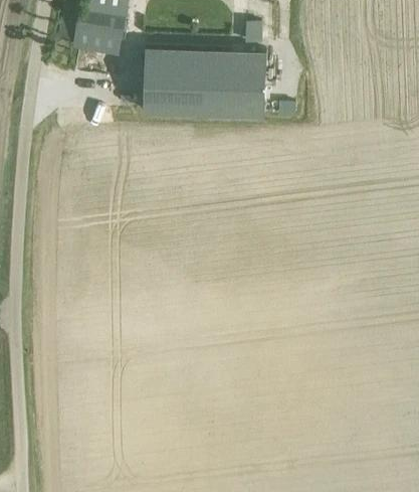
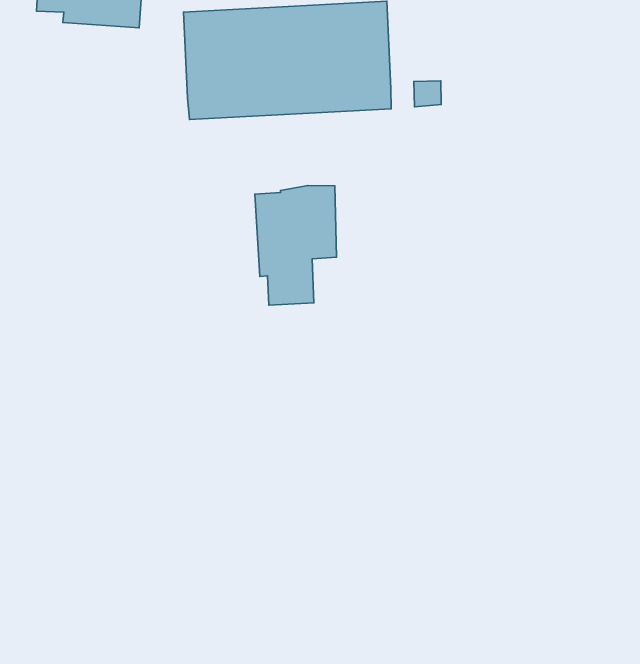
building: none -> [255,186,337,305]

